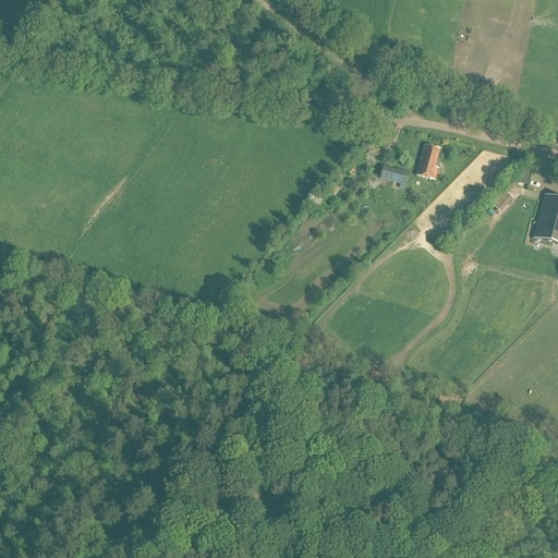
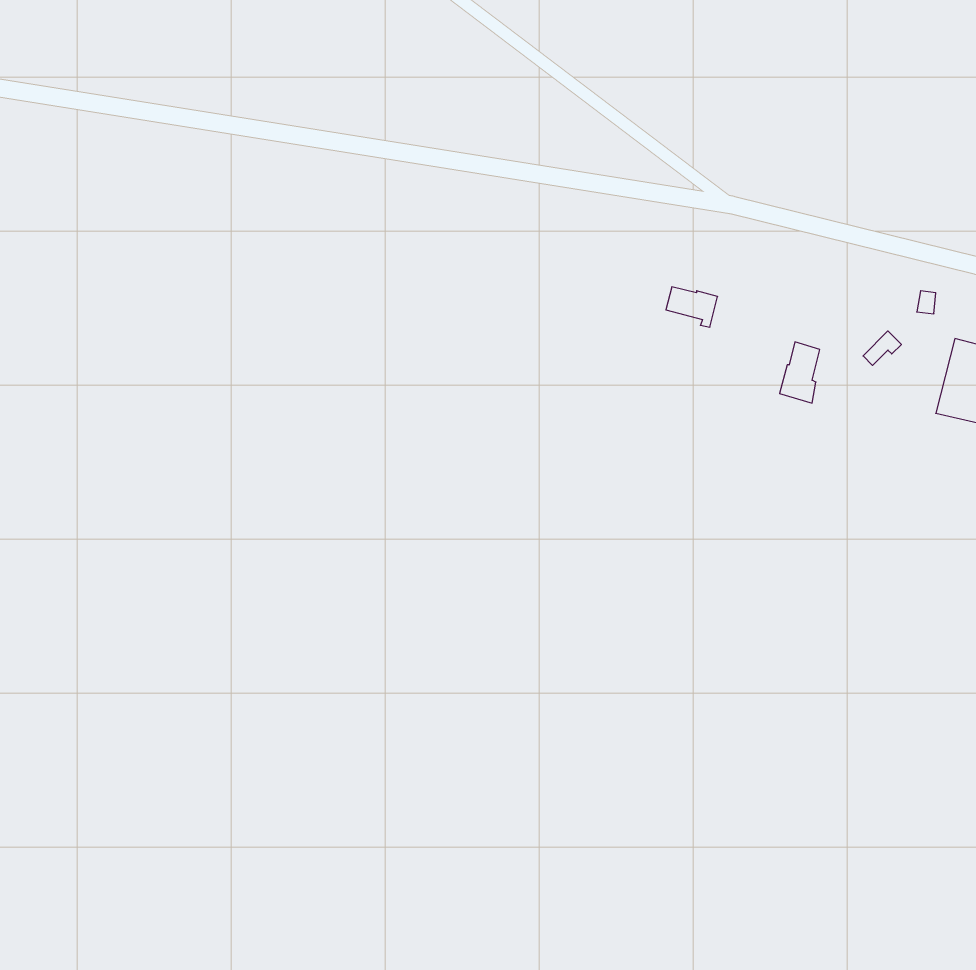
building: [416,143,439,178] -> [780,342,820,403]

